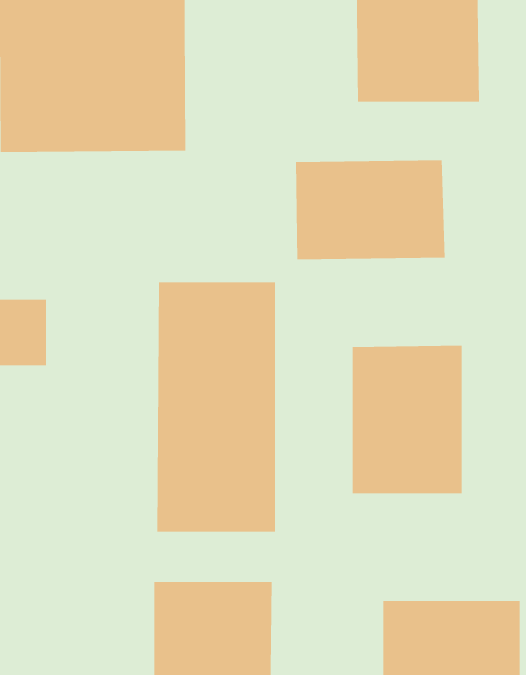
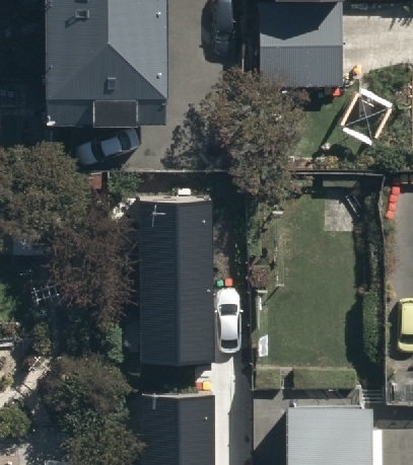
building: [295,160,446,260] -> none
building: [352,345,463,494] -> none

